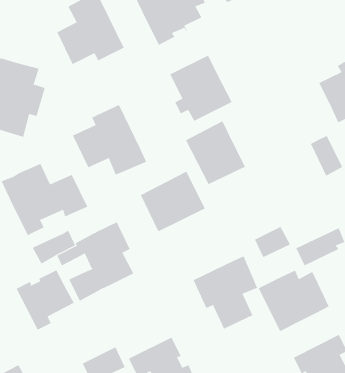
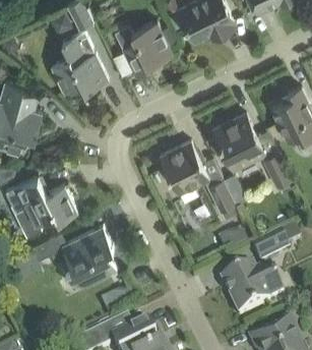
building: [170,55,233,122] -> [212,110,265,166]
building: [72,104,147,175] -> none
building: none -> [206,175,236,210]
building: [140,171,206,232] -> none
building: [193,256,258,330] -> none
building: [16,269,74,331] -> none

